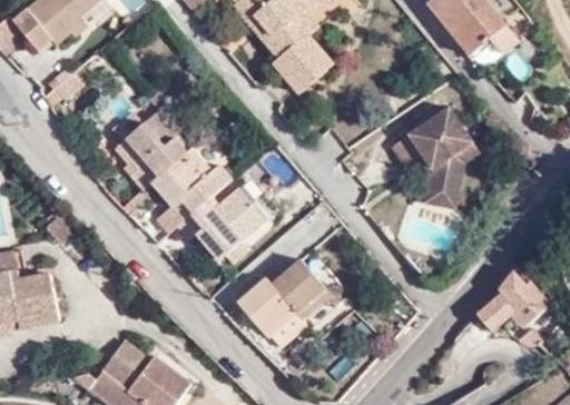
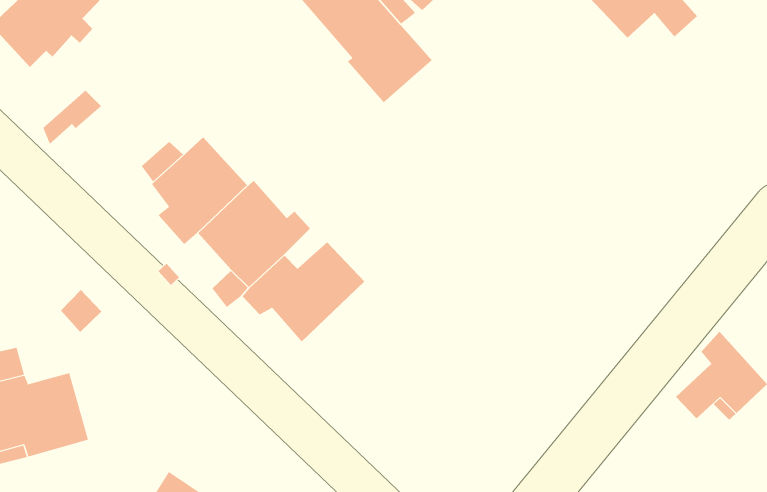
building: [393,106,481,207] -> none
building: [239,257,334,335] -> none

